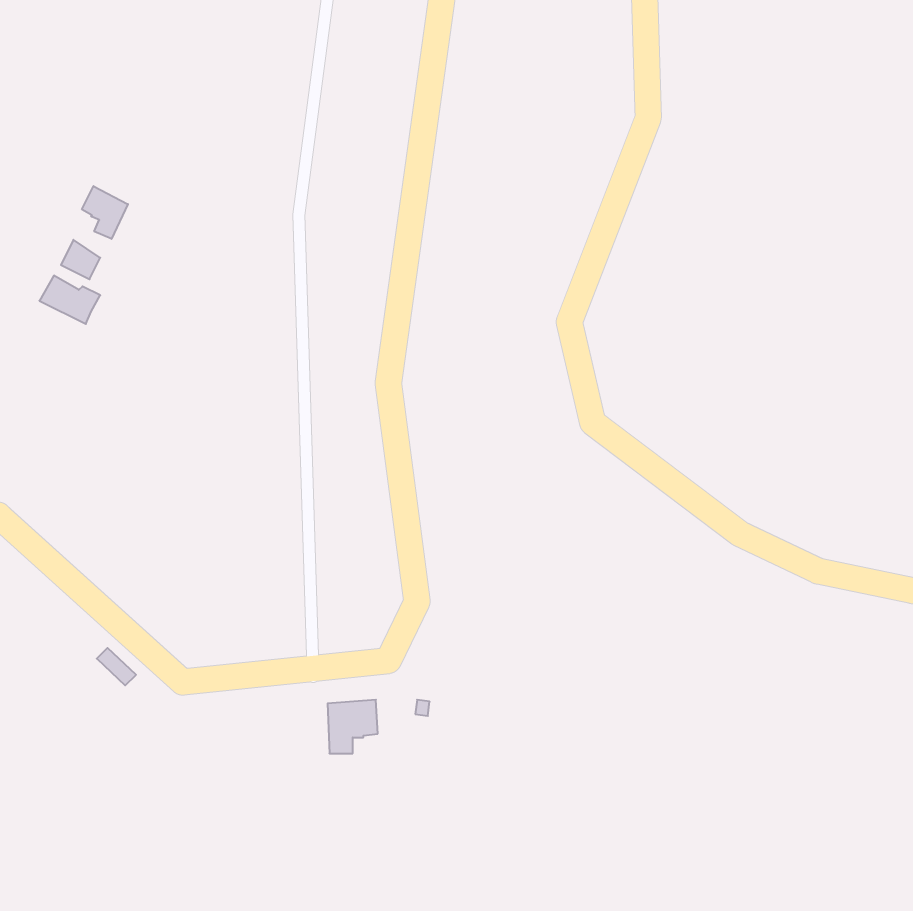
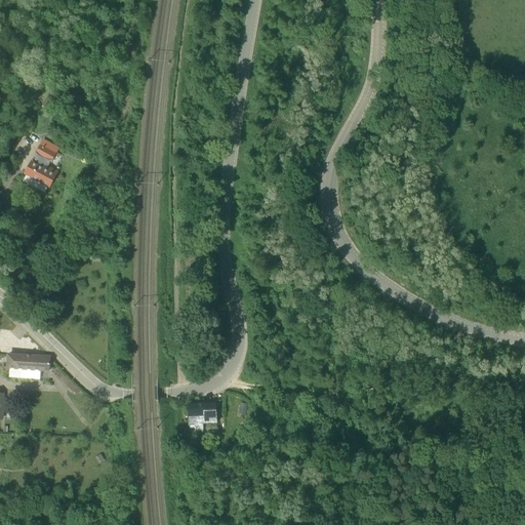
building: [82,186,128,239] -> none
building: none -> [6,353,49,372]

